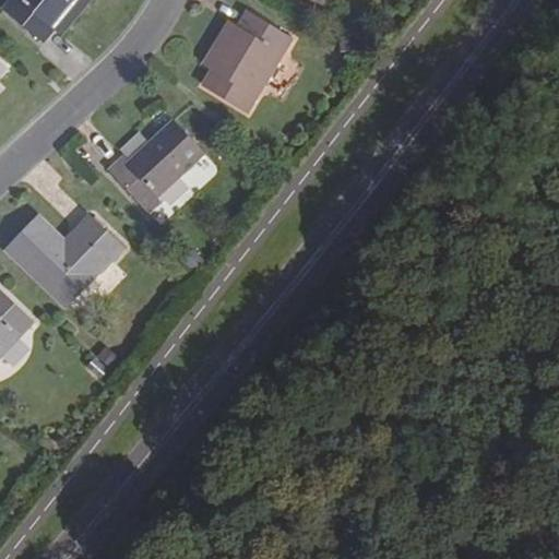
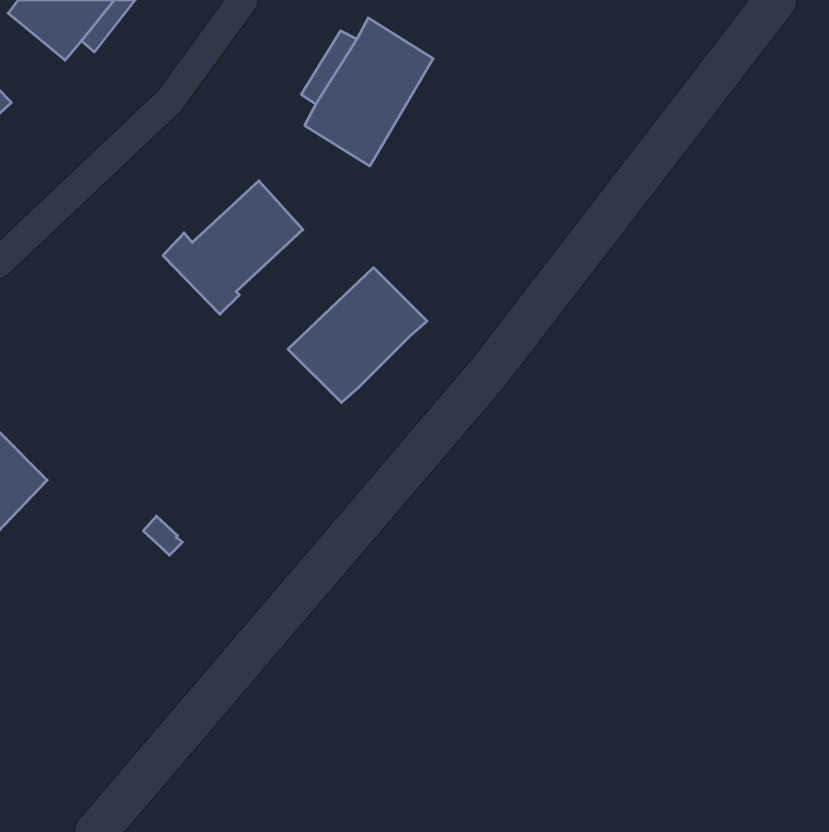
building: none -> [288,268,427,403]
building: [8,216,121,307] -> none

